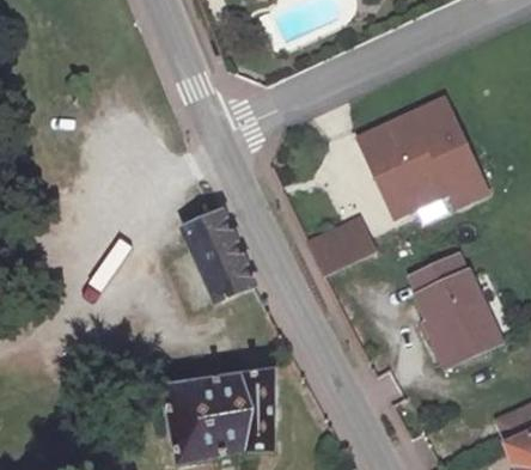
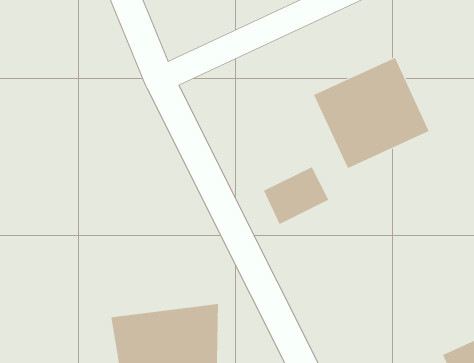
building: [167,202,234,291] -> none
building: [416,254,502,366] -> none

